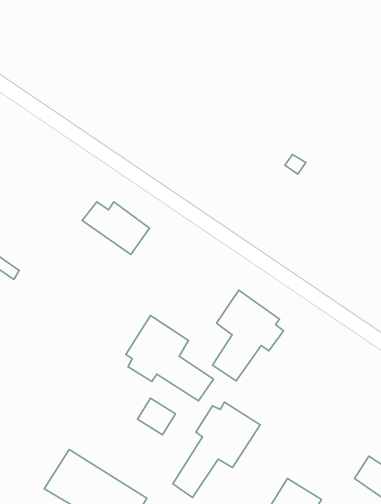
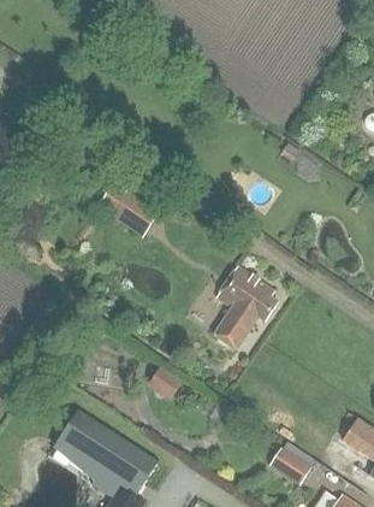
building: [126,316,213,401] -> none
building: [173,402,260,497] -> none

